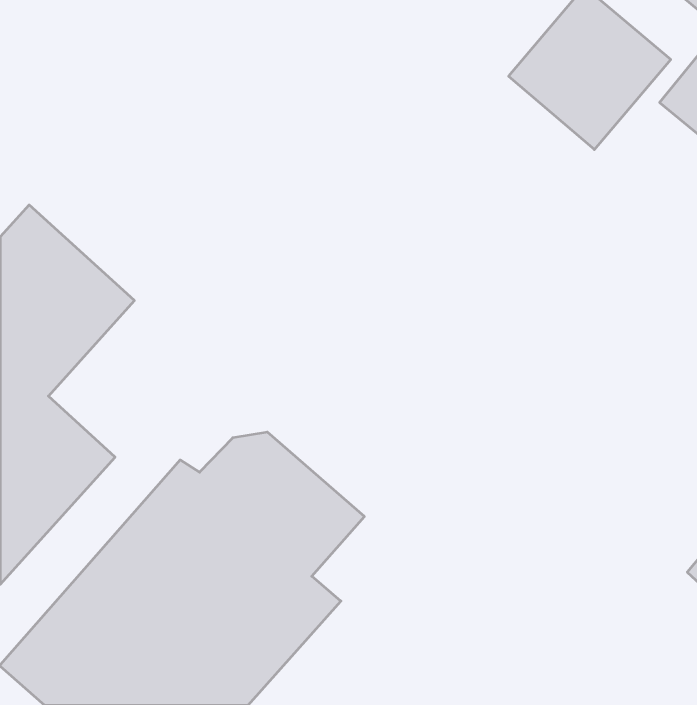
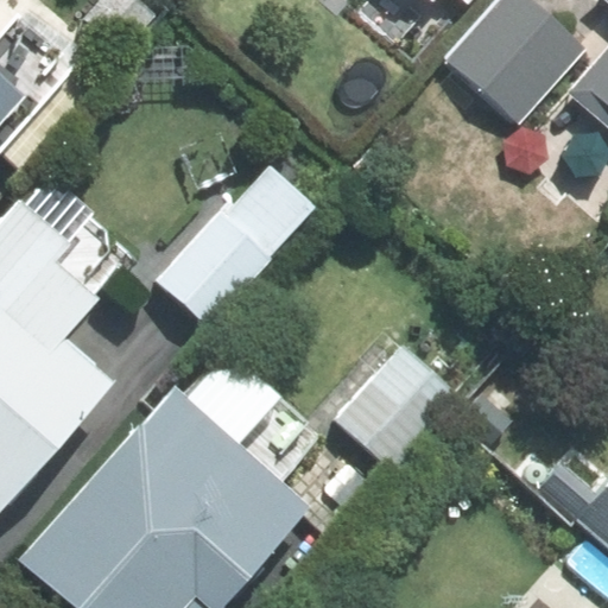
building: none -> [148,163,312,332]
building: none -> [324,338,464,480]

